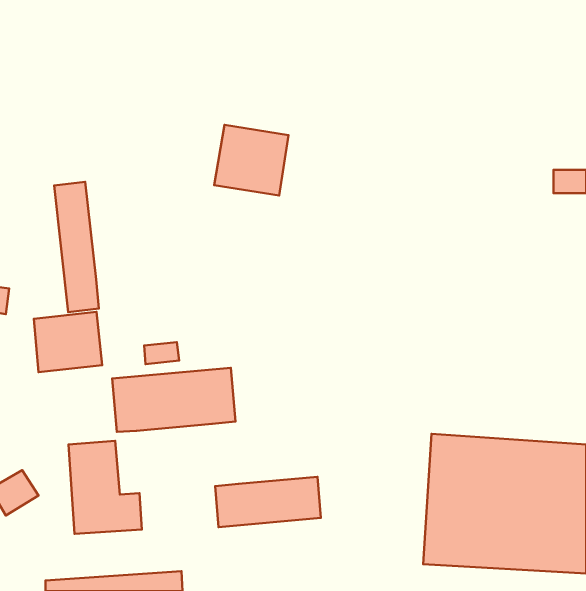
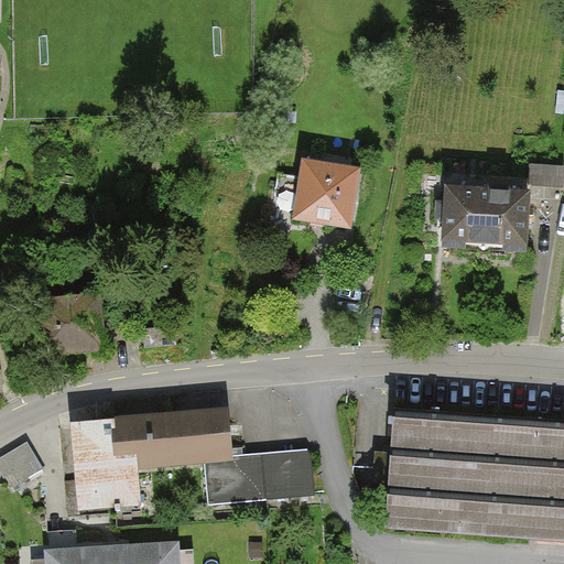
building: [214,125,289,196] -> [300,161,370,228]
building: [54,182,99,312] -> none
building: none -> [446,187,545,250]
building: [112,368,235,432] -> [109,408,226,468]

